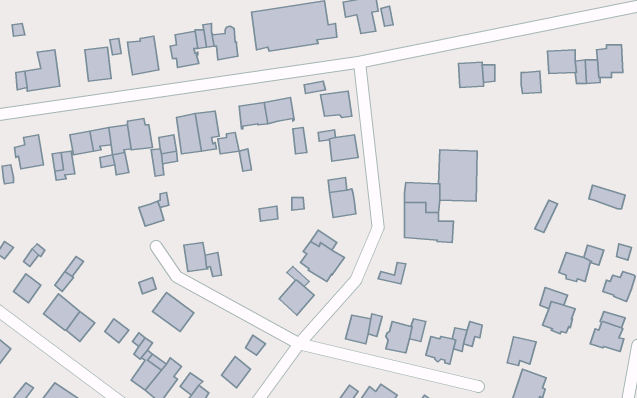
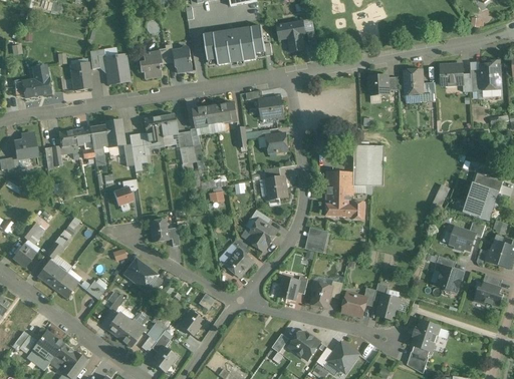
building: none -> [403,69,422,93]
building: none -> [464,184,496,219]
building: [507,337,536,365] -> [376,294,400,317]

